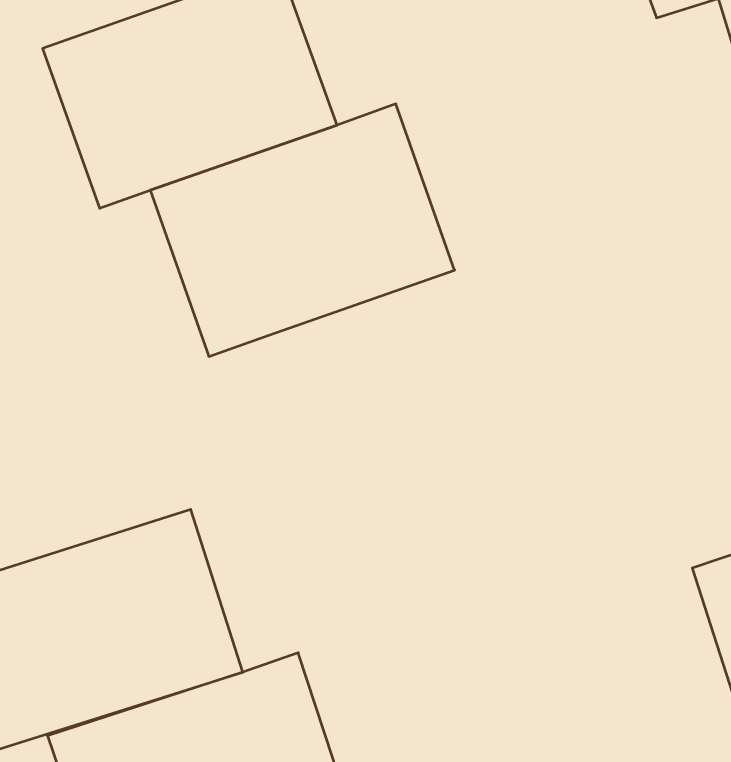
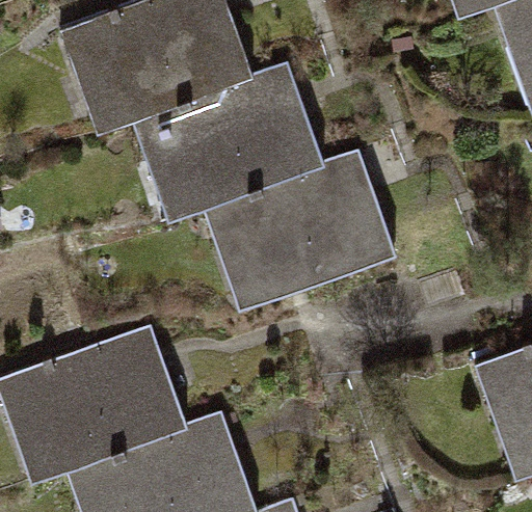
building: none -> [204,160,392,305]

